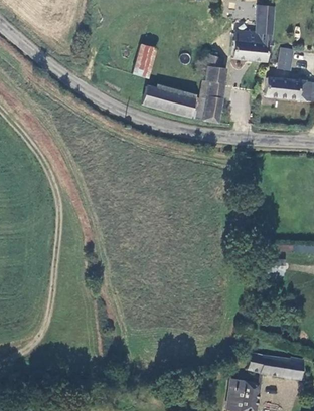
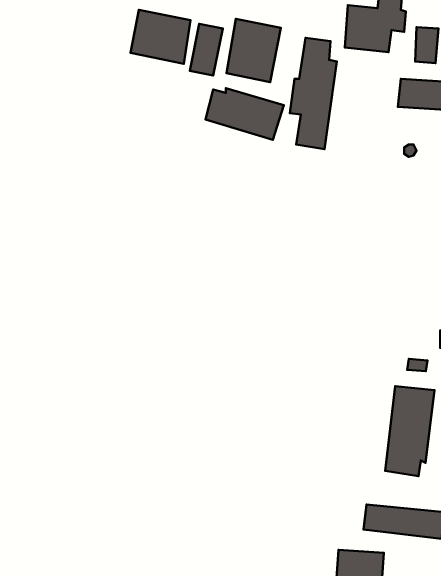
building: none -> [130,10,191,64]
building: none -> [226,19,281,82]
building: none -> [385,386,435,476]

